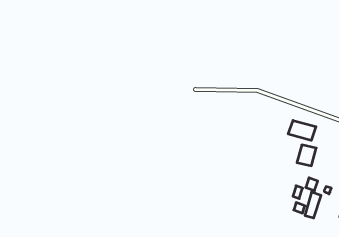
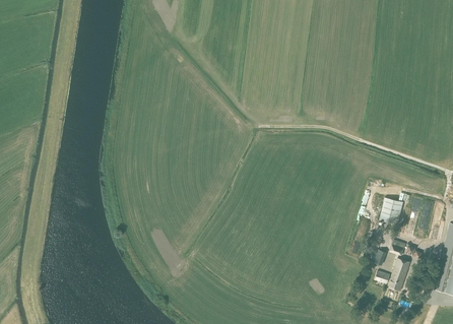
building: [288,120,316,140] -> none

